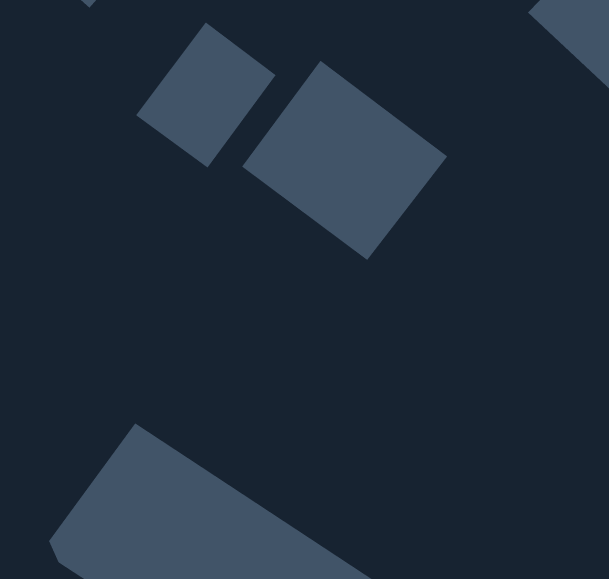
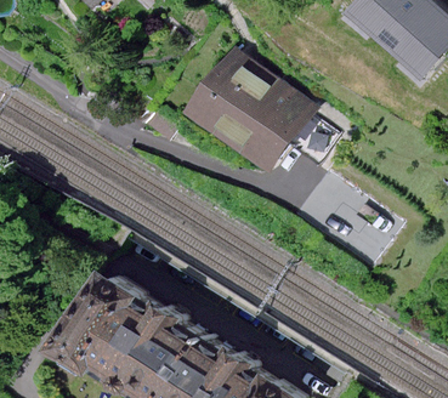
building: [135,22,276,169] -> none

